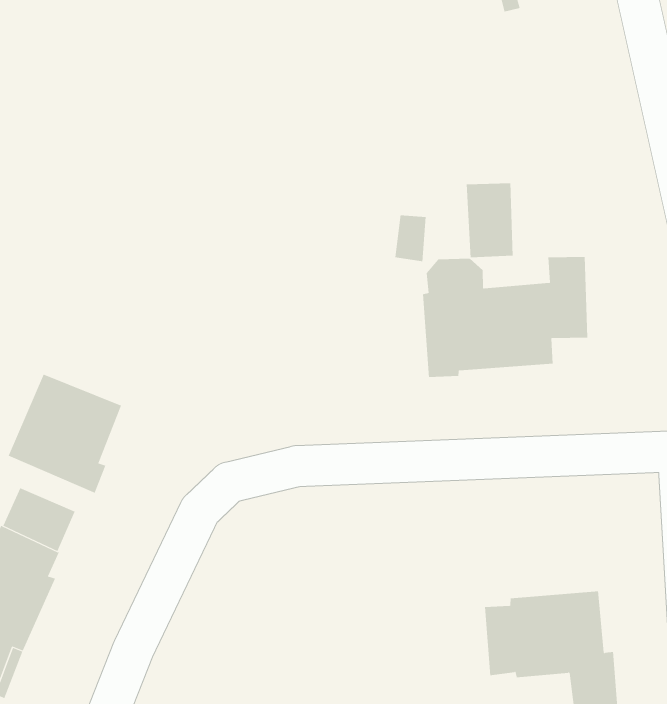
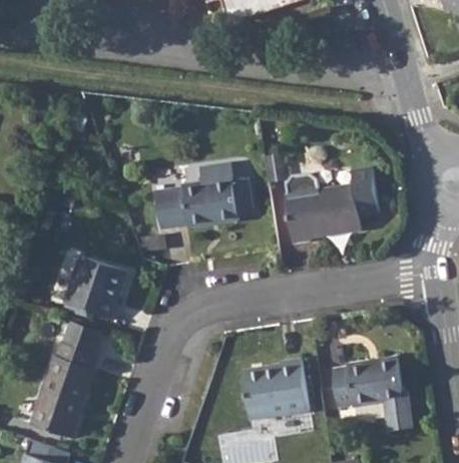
building: [466,182,513,258] -> none
building: none -> [153,176,252,230]
building: none -> [242,359,309,420]

